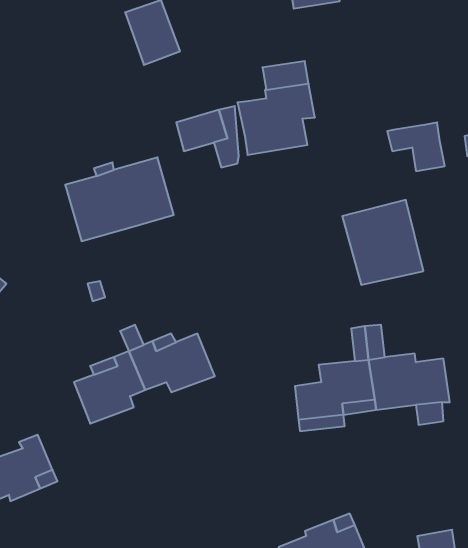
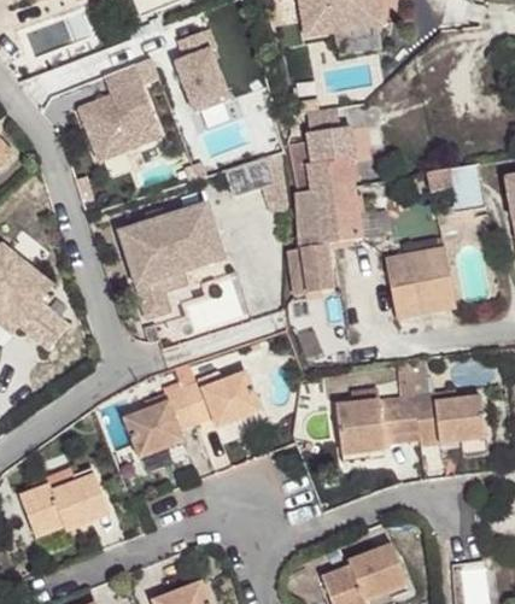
building: none -> [77,60,159,156]
building: none -> [286,188,359,299]
building: none -> [134,268,185,313]

